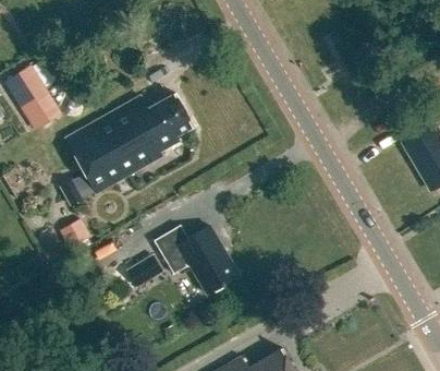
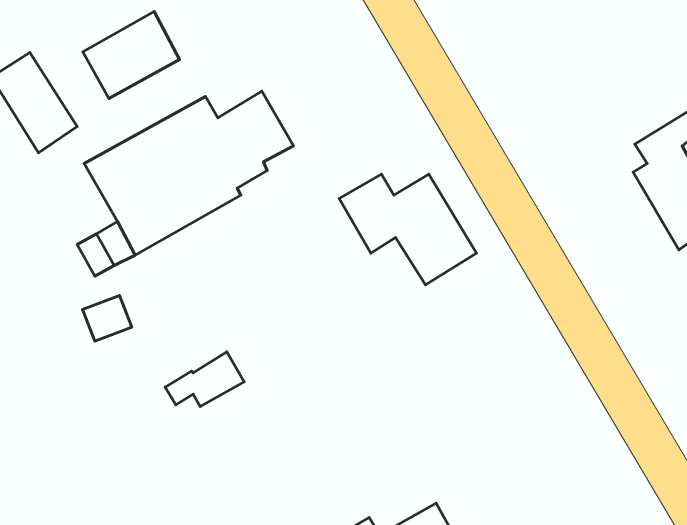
building: none -> [83,11,179,98]
building: [154,225,239,294] -> [339,174,476,285]

